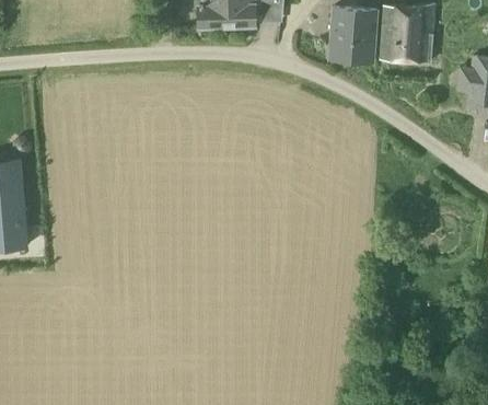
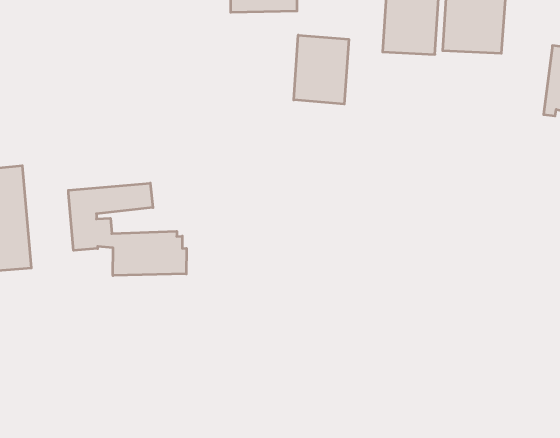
building: none -> [294,35,349,104]
building: none -> [68,183,186,276]

